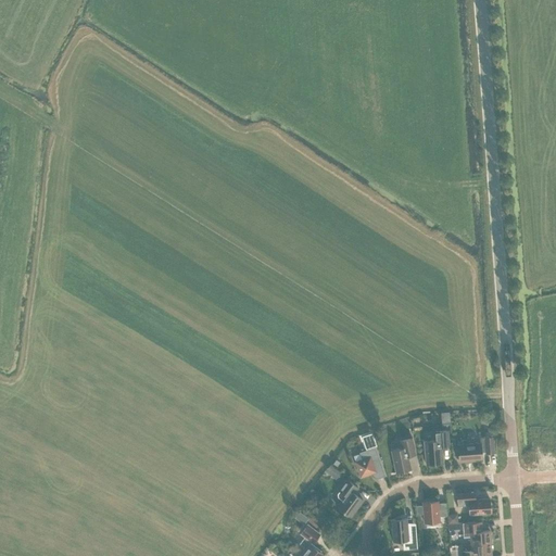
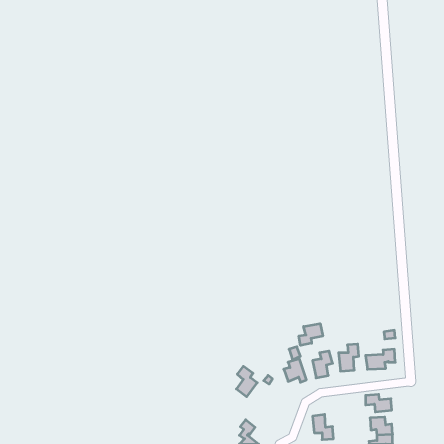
building: none -> [299,324,323,345]
building: [336,479,362,517] -> [236,366,257,397]
building: [421,501,445,522] -> none

